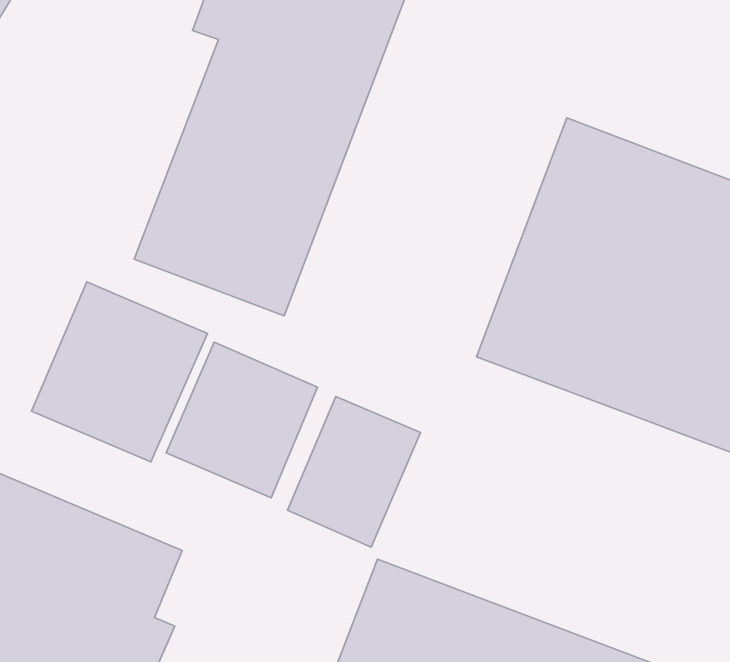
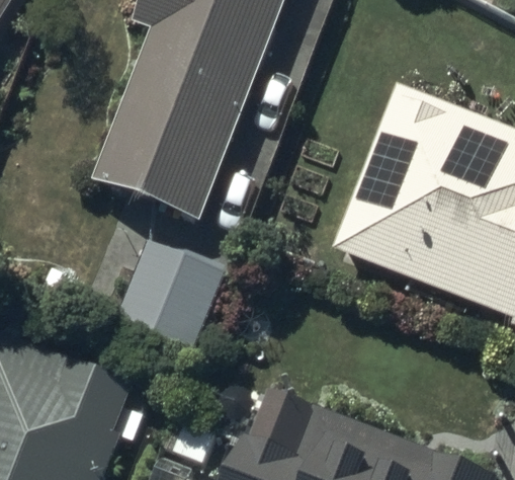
building: [32,282,207,462] -> none
building: [287,396,421,547] -> none

